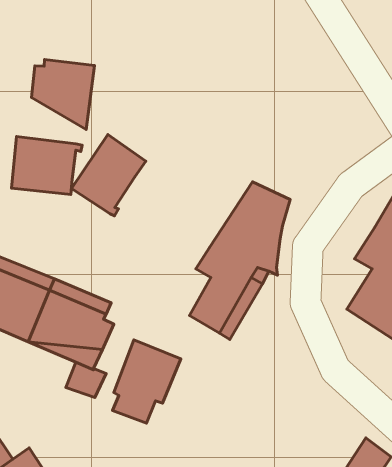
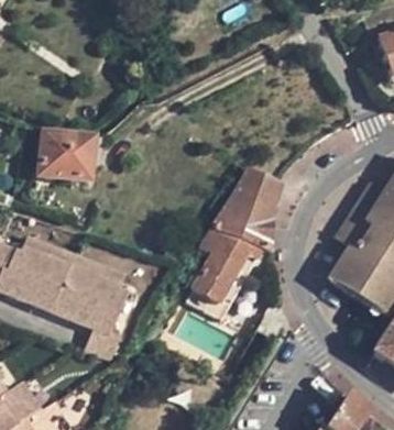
building: [32,60,94,129] -> none
building: [71,135,146,216] -> none
building: [112,340,181,423] -> none

